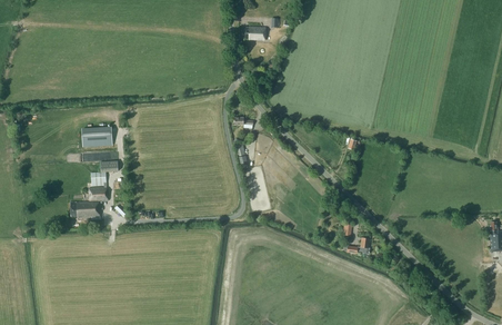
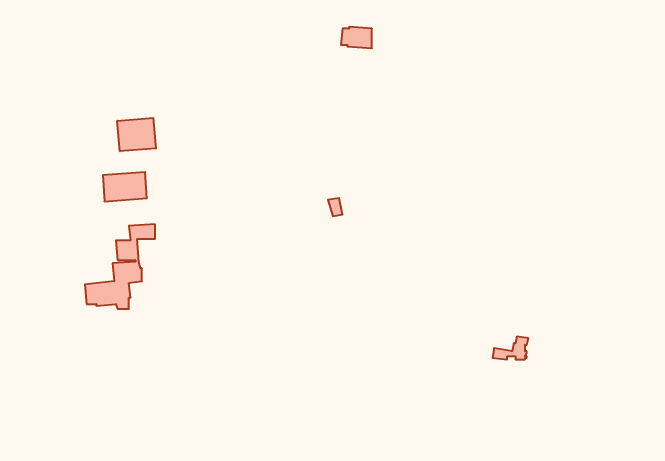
building: none -> [117,118,156,151]

